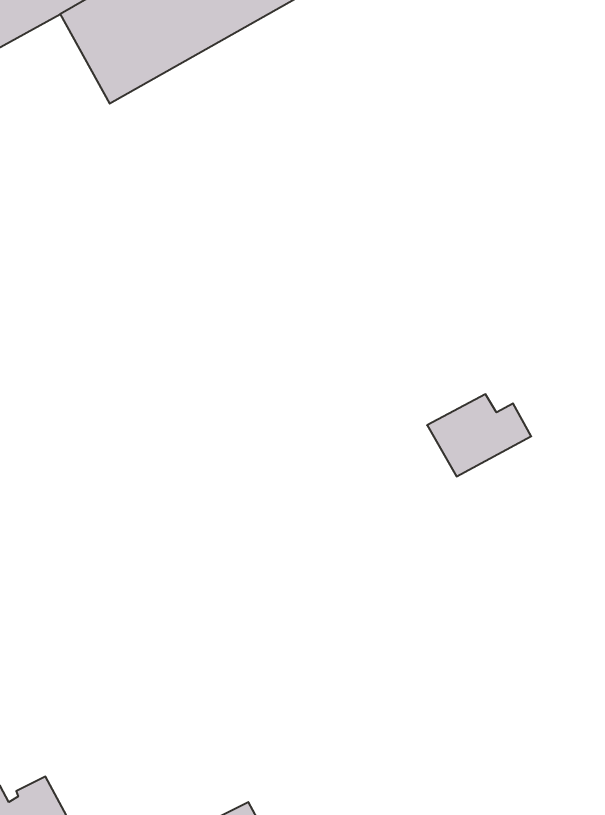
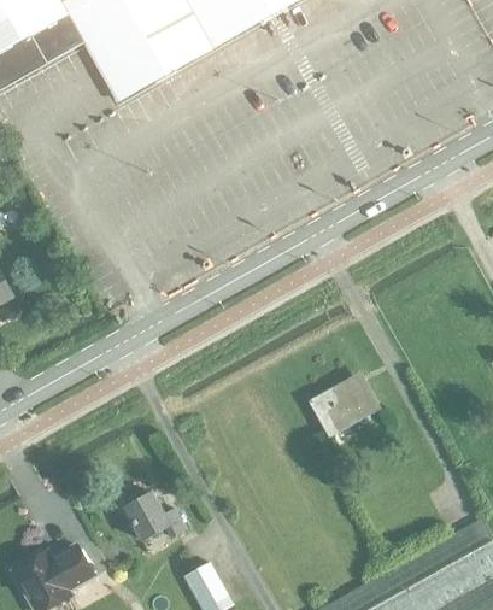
building: [427,394,531,476] -> [310,381,378,435]
building: none -> [122,491,186,540]

